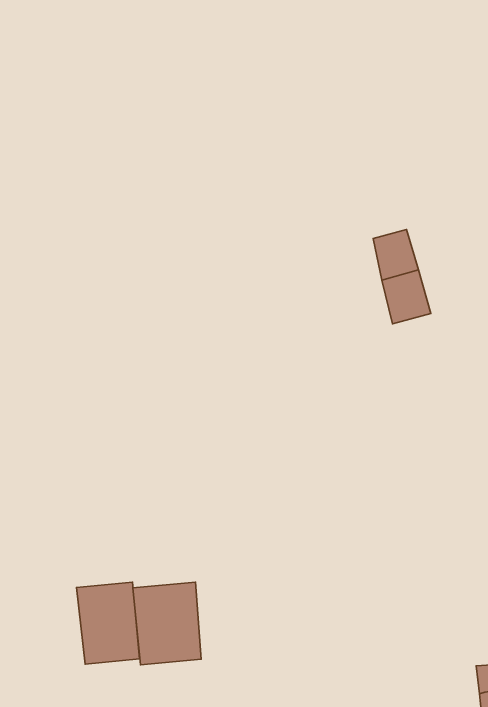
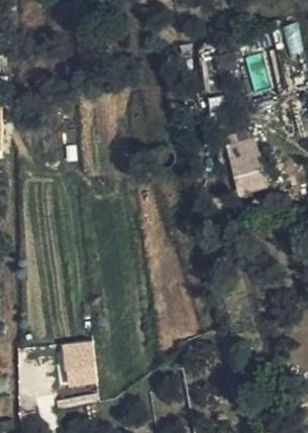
building: [133,582,201,665] -> none

